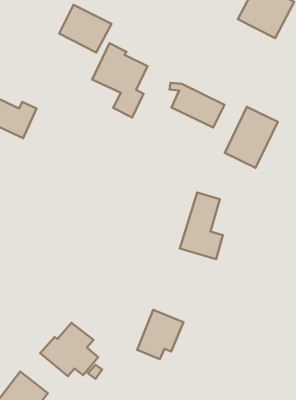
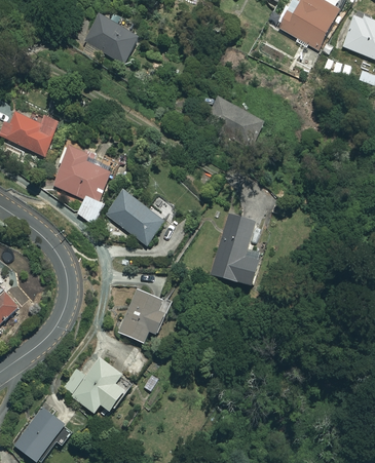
building: [92,43,147,118] -> [51,146,111,226]
building: [225,107,278,168] -> none
building: none -> [106,191,163,244]
building: [137,310,184,359] -> [119,290,170,343]

